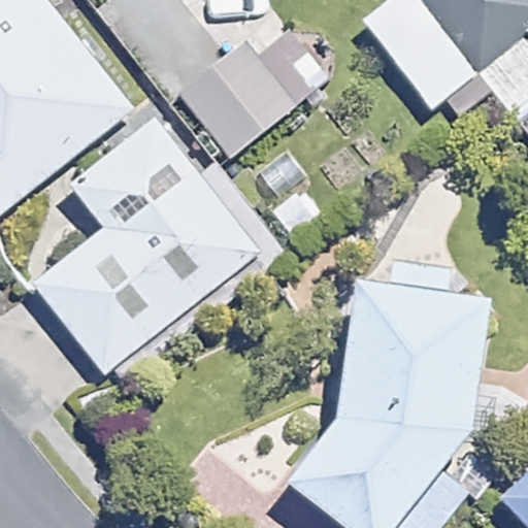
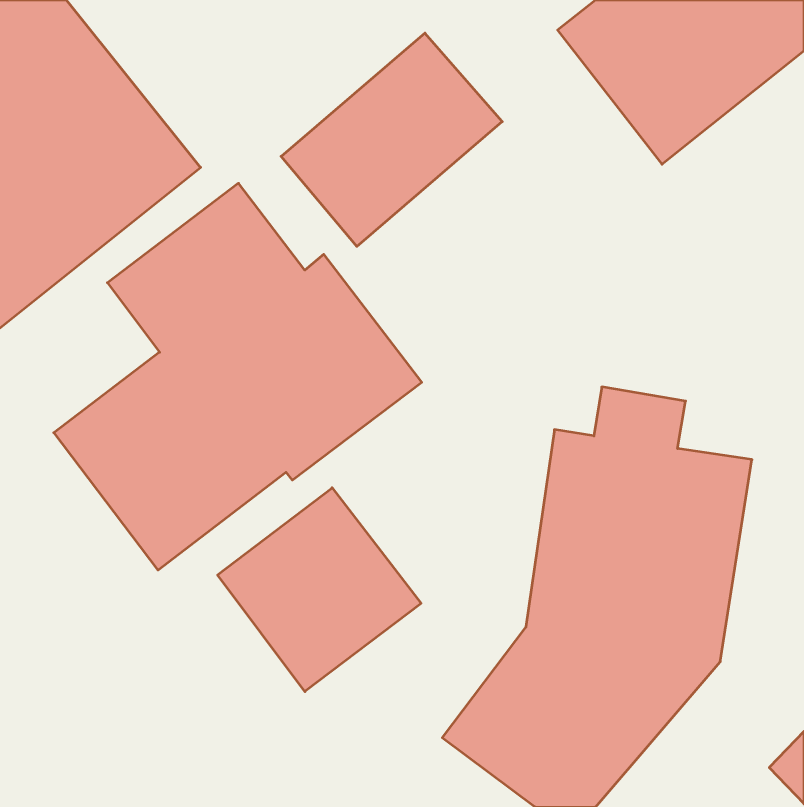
building: none -> [218,488,421,692]

